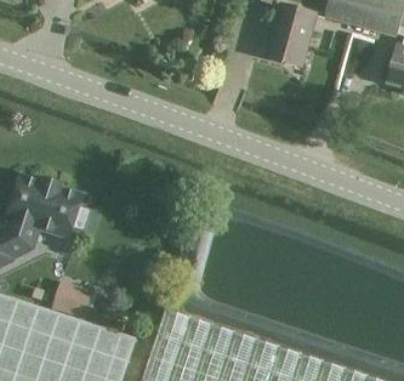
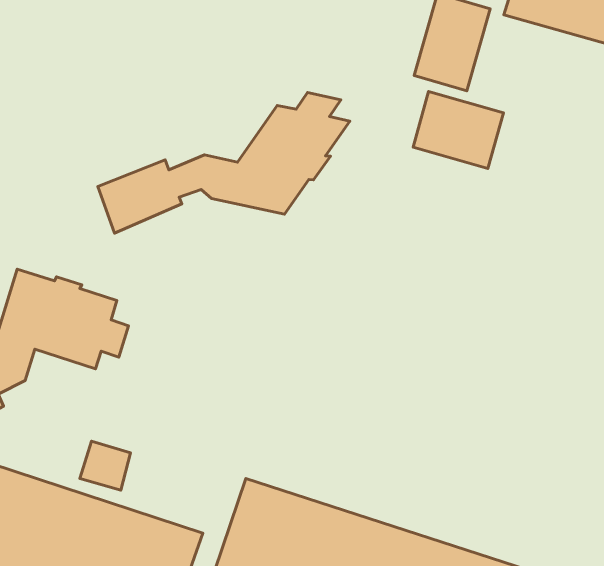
building: none -> [413,92,503,168]
building: none -> [98,93,350,233]

